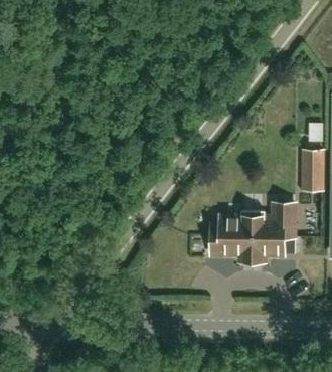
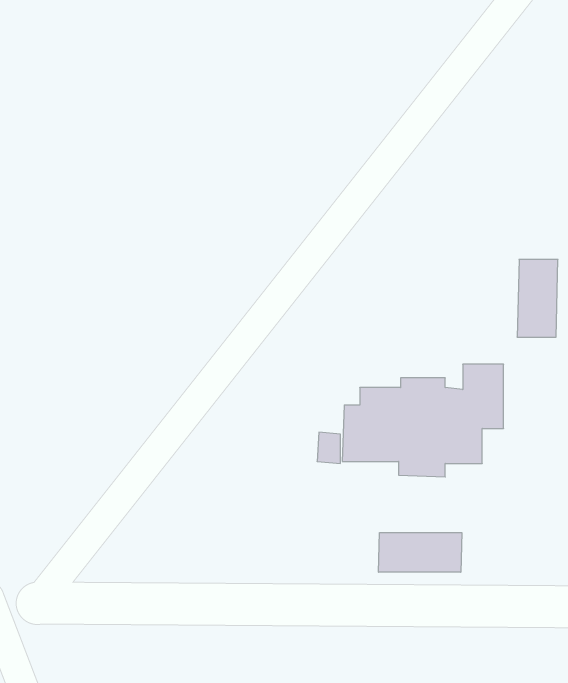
building: none -> [379,533,462,572]

